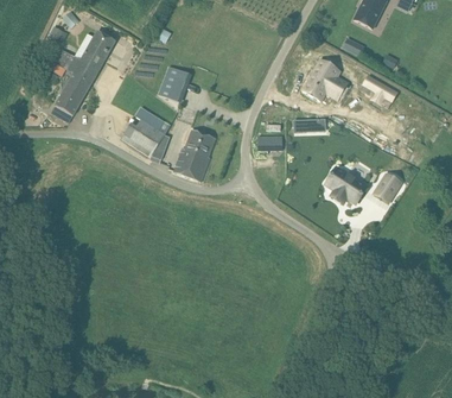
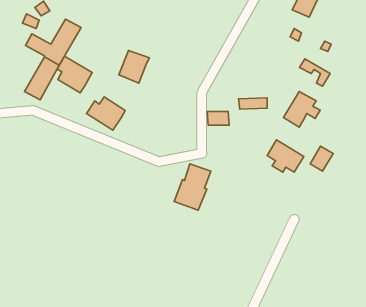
building: [303,59,344,100] -> [284,91,320,127]
building: none -> [57,56,92,93]
building: [173,128,215,181] -> [174,164,211,210]

